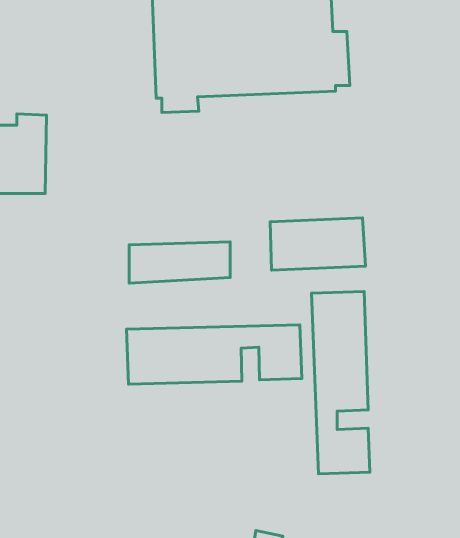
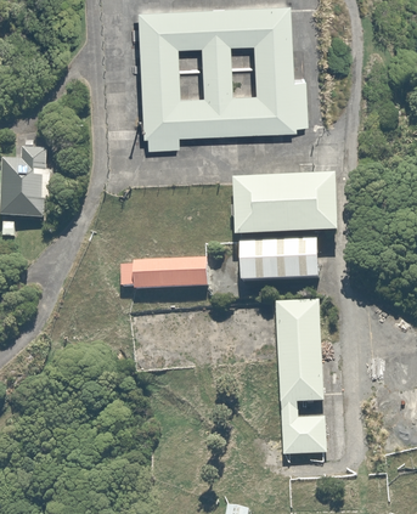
building: none -> [235,174,340,236]
building: [126,325,302,384] -> none

